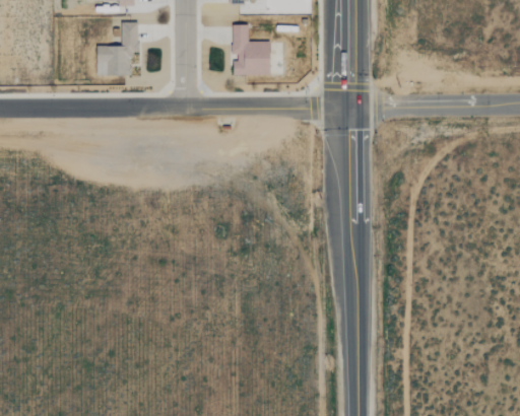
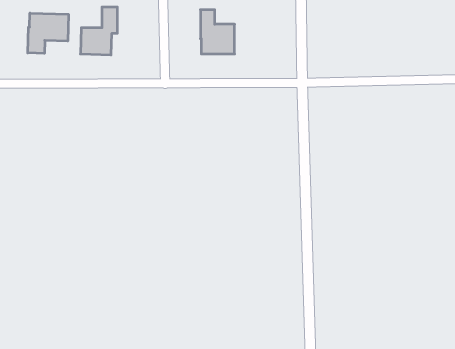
building: none -> [28,13,68,53]

